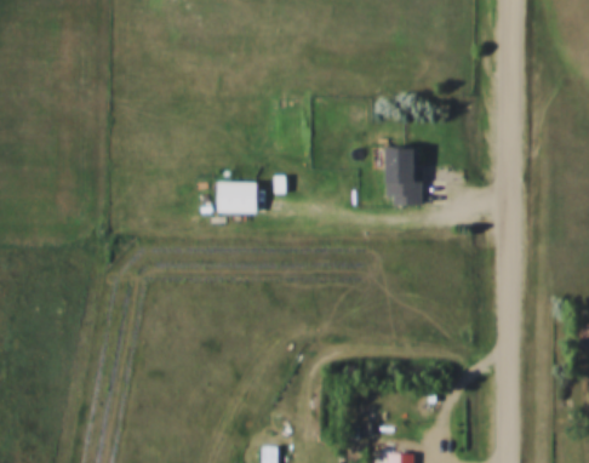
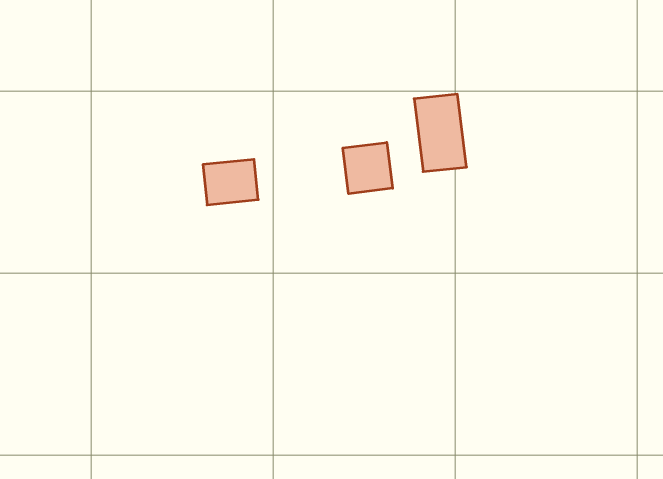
building: none -> [343,142,393,194]

